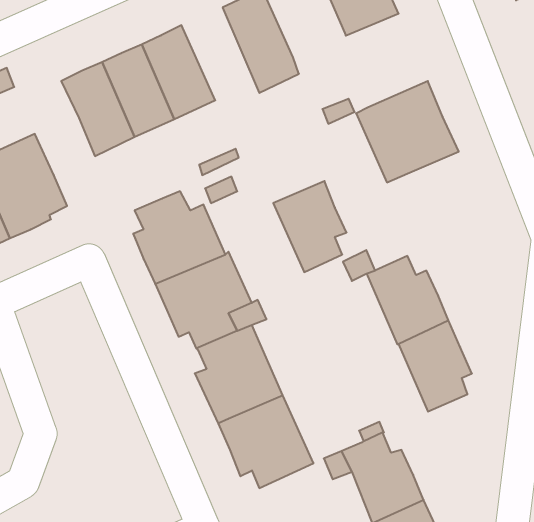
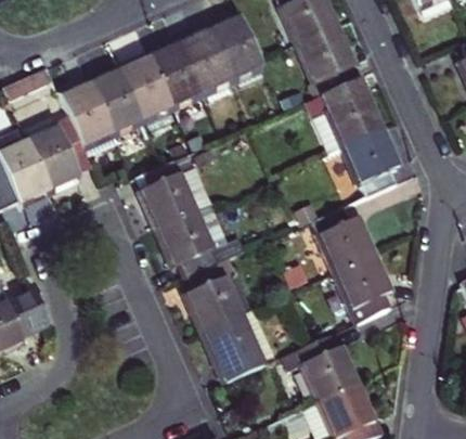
building: none -> [176,24,233,100]
building: none -> [297,28,358,98]
building: none -> [56,78,112,147]
building: [273,181,347,272] -> [342,130,397,197]

